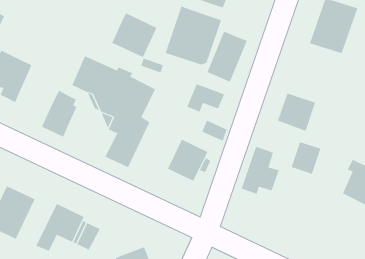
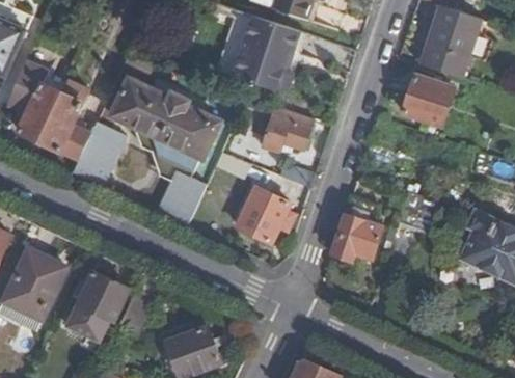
building: [112,13,157,58] -> none
building: [207,31,247,82] -> none
building: none -> [38,77,89,158]
building: [277,93,316,131] -> [401,75,451,125]

